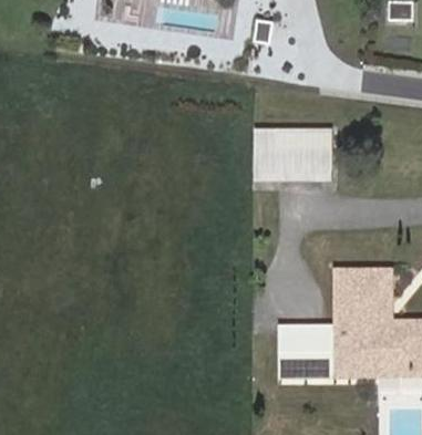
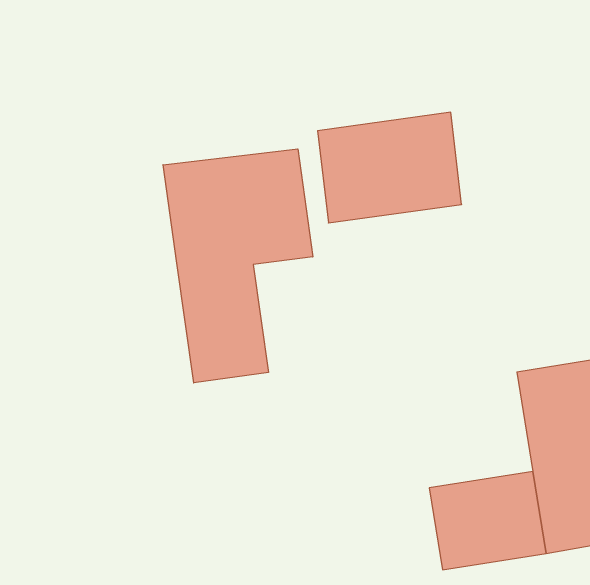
building: none -> [163,149,313,383]

